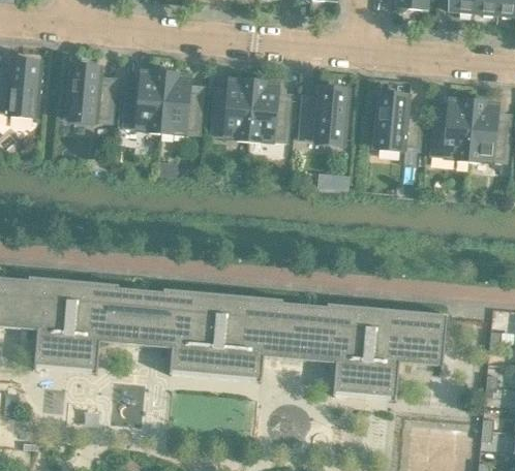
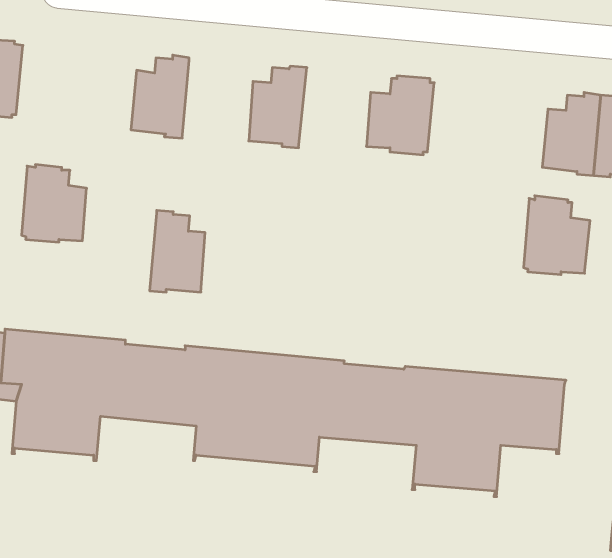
building: [66,64,115,122] -> [22,165,87,242]
building: [161,72,203,133] -> [150,210,205,292]
building: [248,80,291,142] -> none
building: [373,91,423,150] -> [524,196,590,275]

